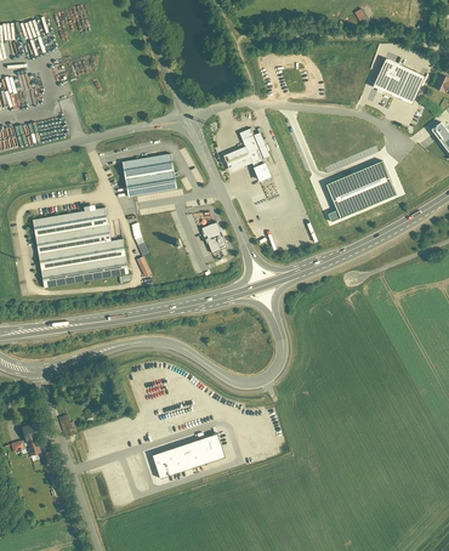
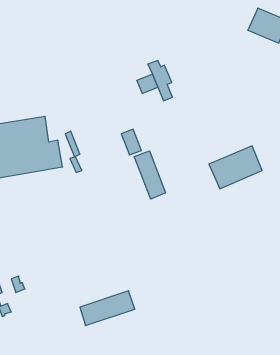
building: [120,154,175,195] -> none
building: [325,160,396,217] -> [209,146,262,189]
building: none -> [134,151,165,199]

